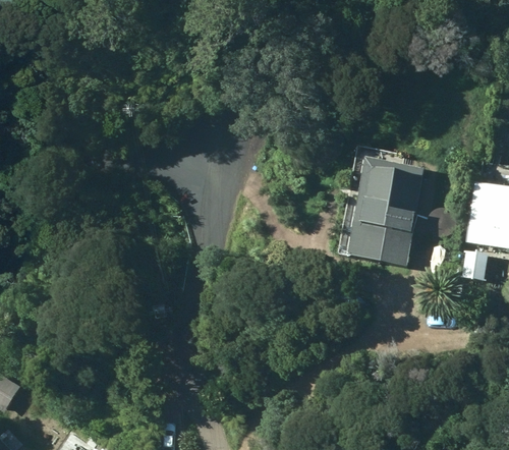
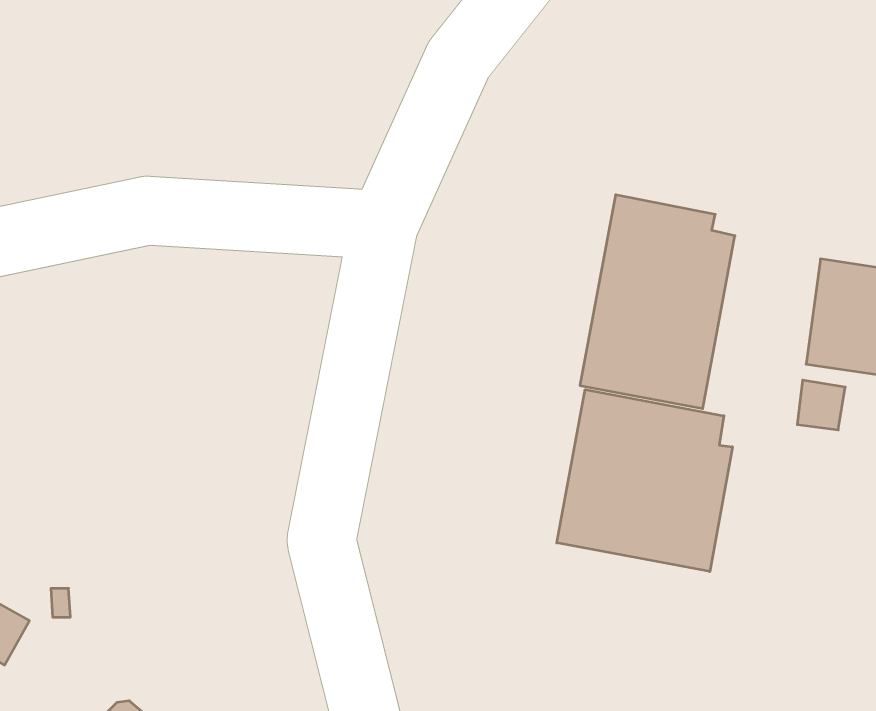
building: none -> [557,390,732,572]

